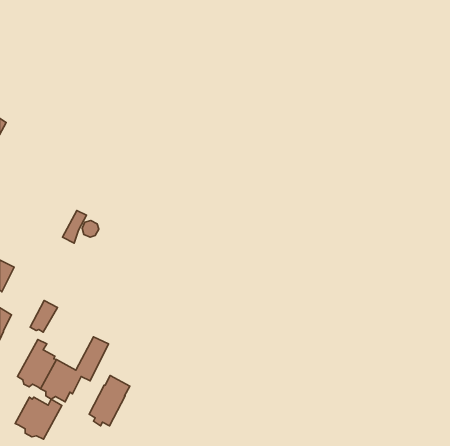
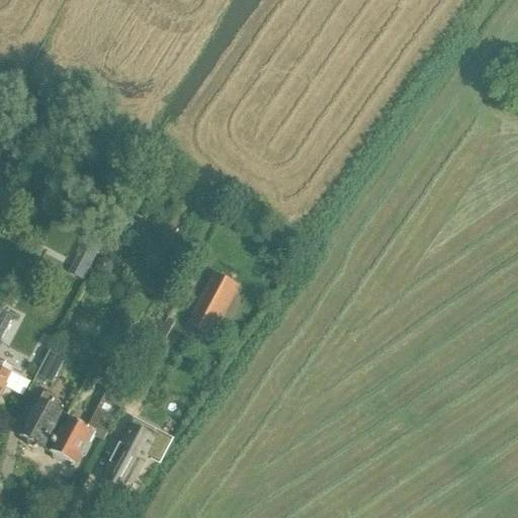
building: none -> [186,268,239,334]
building: [15,397,62,439] -> none

